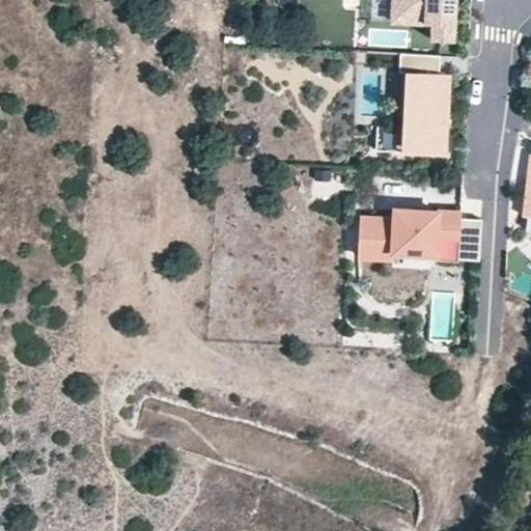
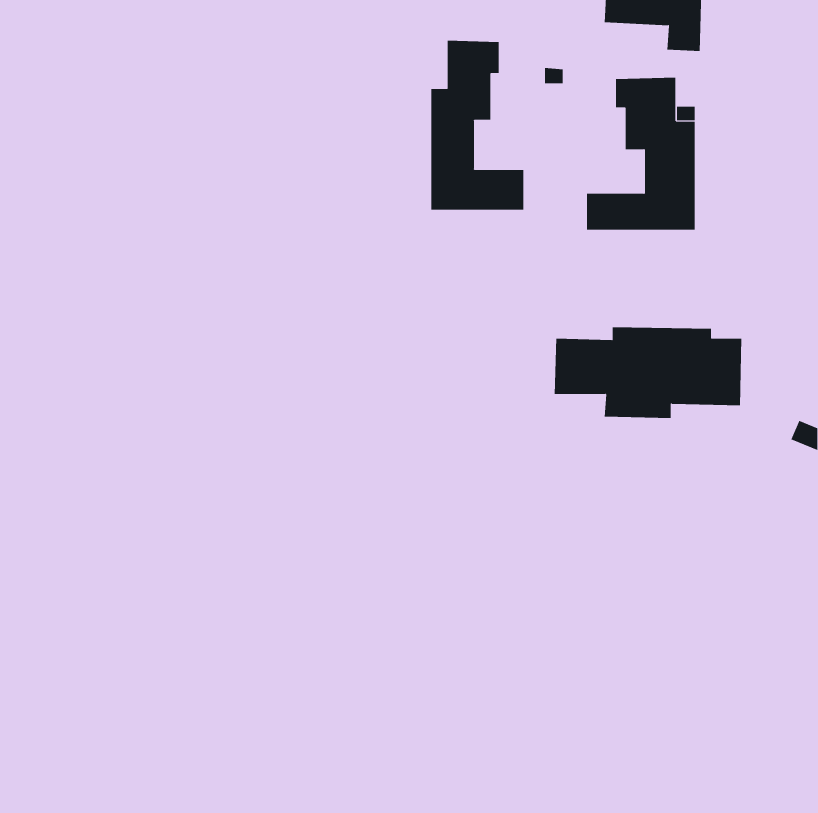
building: none -> [431,40,524,210]

